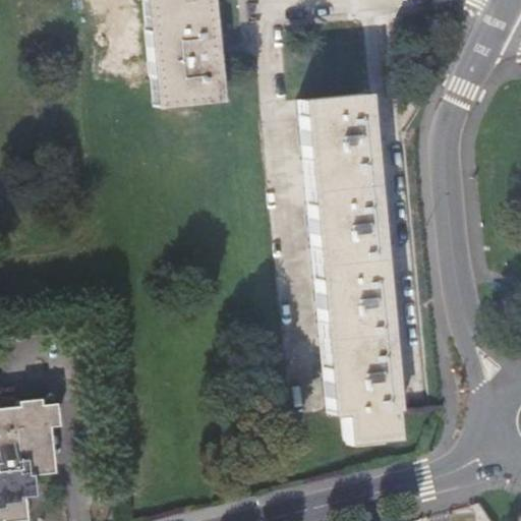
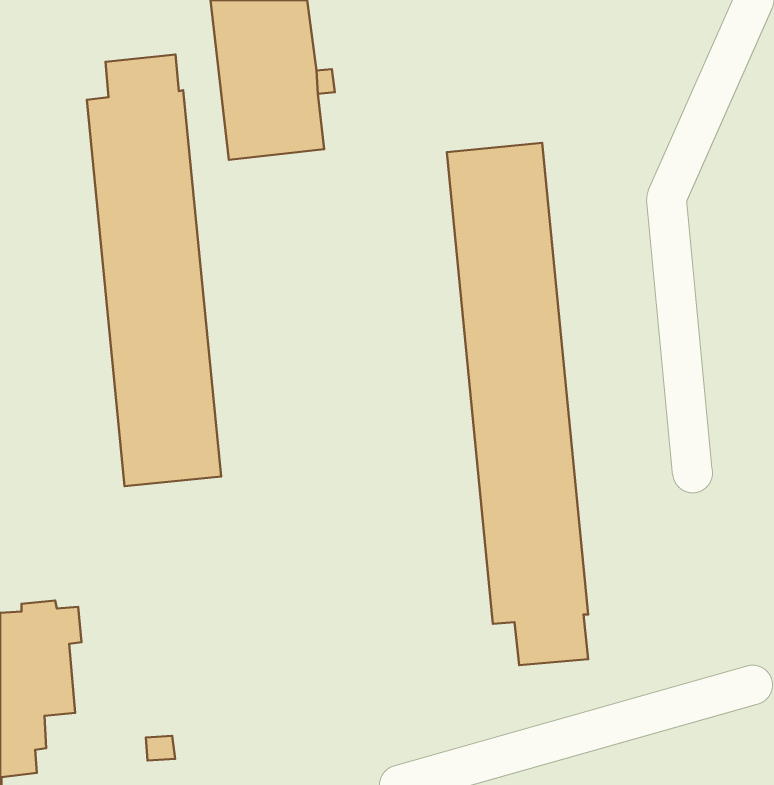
building: none -> [87,54,221,486]

